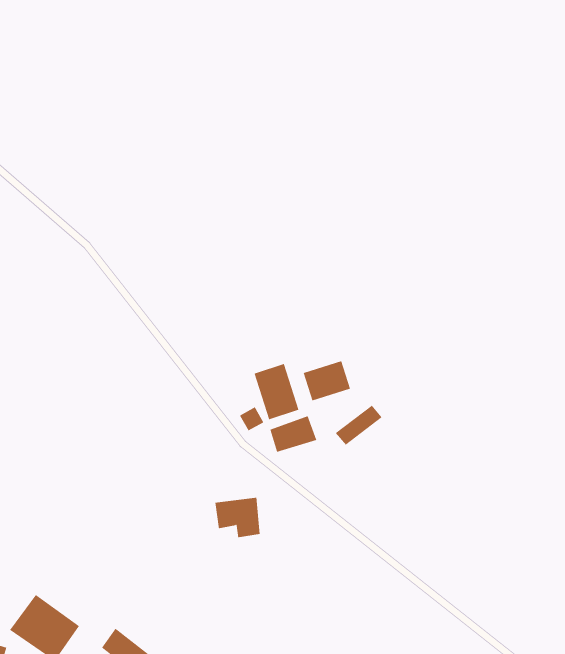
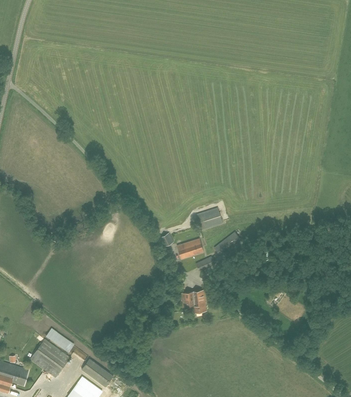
building: [254,363,299,420] -> none
building: [215,497,261,538] -> [180,290,206,313]

